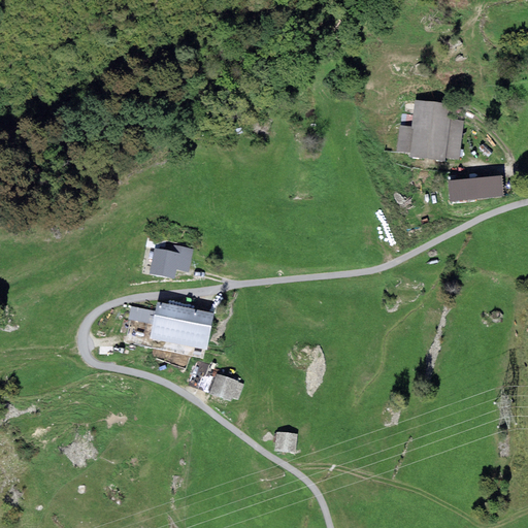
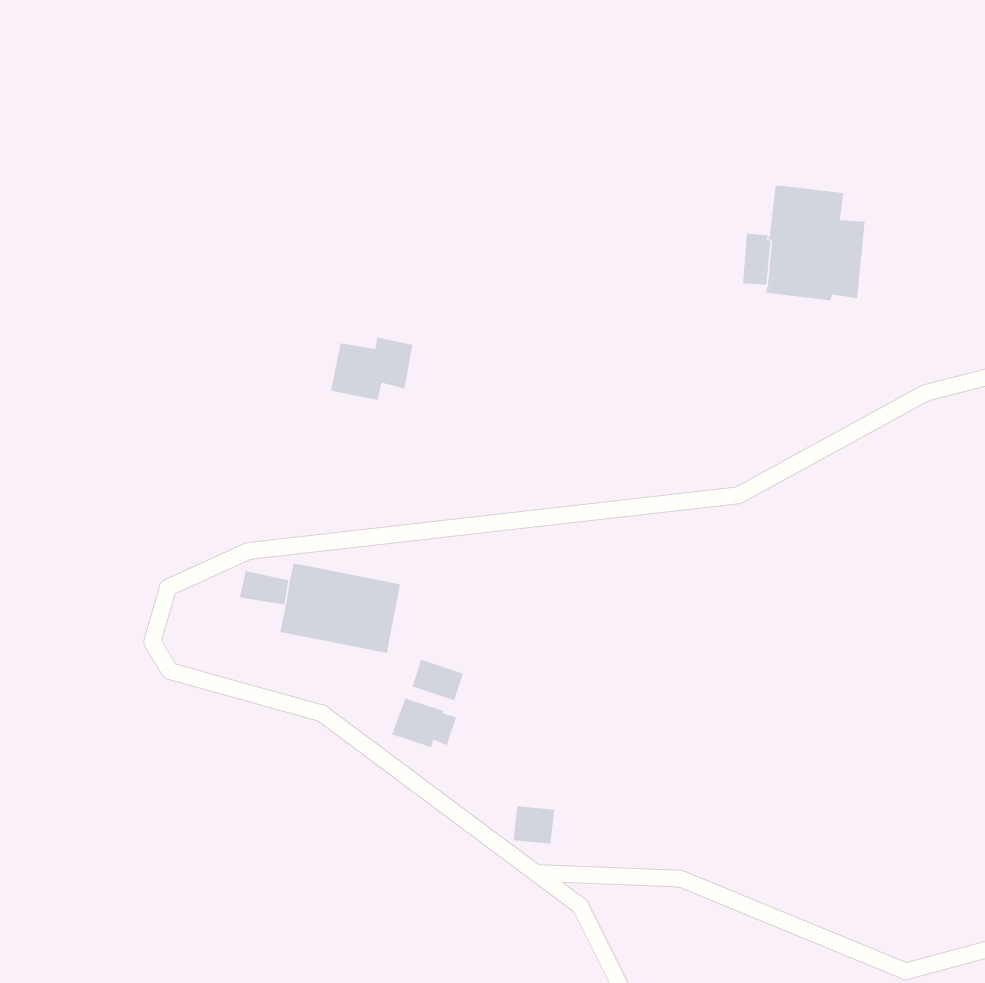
building: [448,176,502,201] -> none
building: [148,244,193,278] -> [330,337,413,401]
building: none -> [412,659,464,701]

